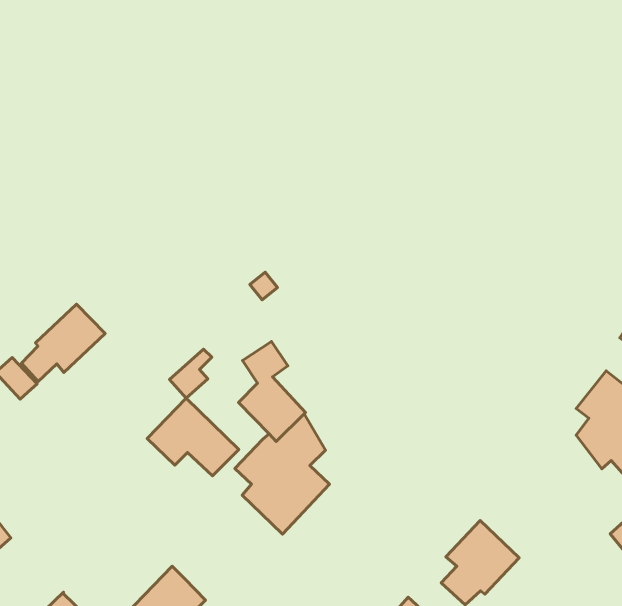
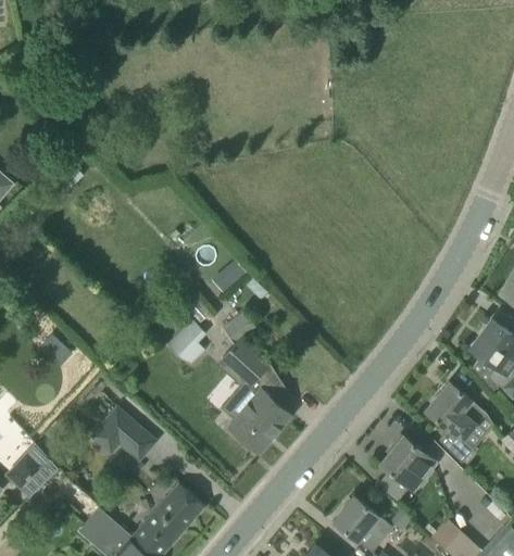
building: [22,304,105,381] -> none
building: [147,398,239,476] -> [89,405,158,462]
building: none -> [426,382,493,463]

